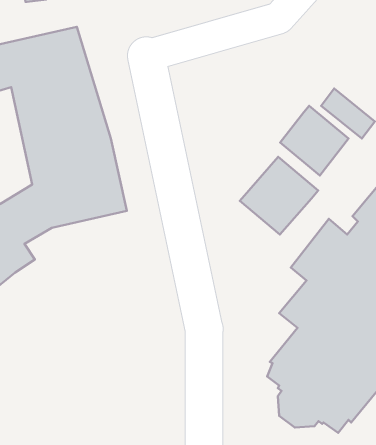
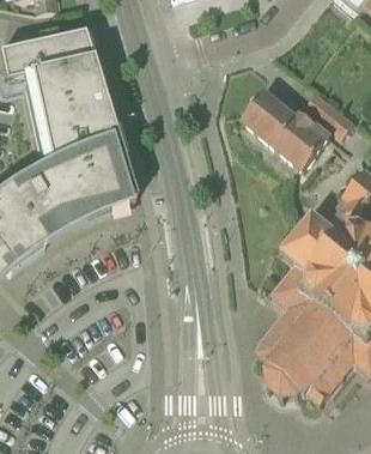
building: none -> [243,91,290,139]
building: [240,157,318,234] -> none

